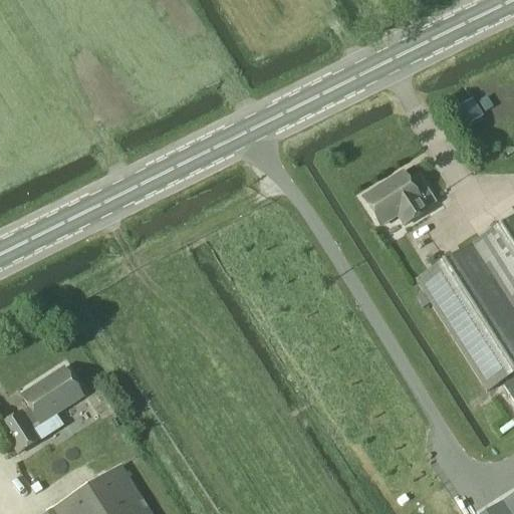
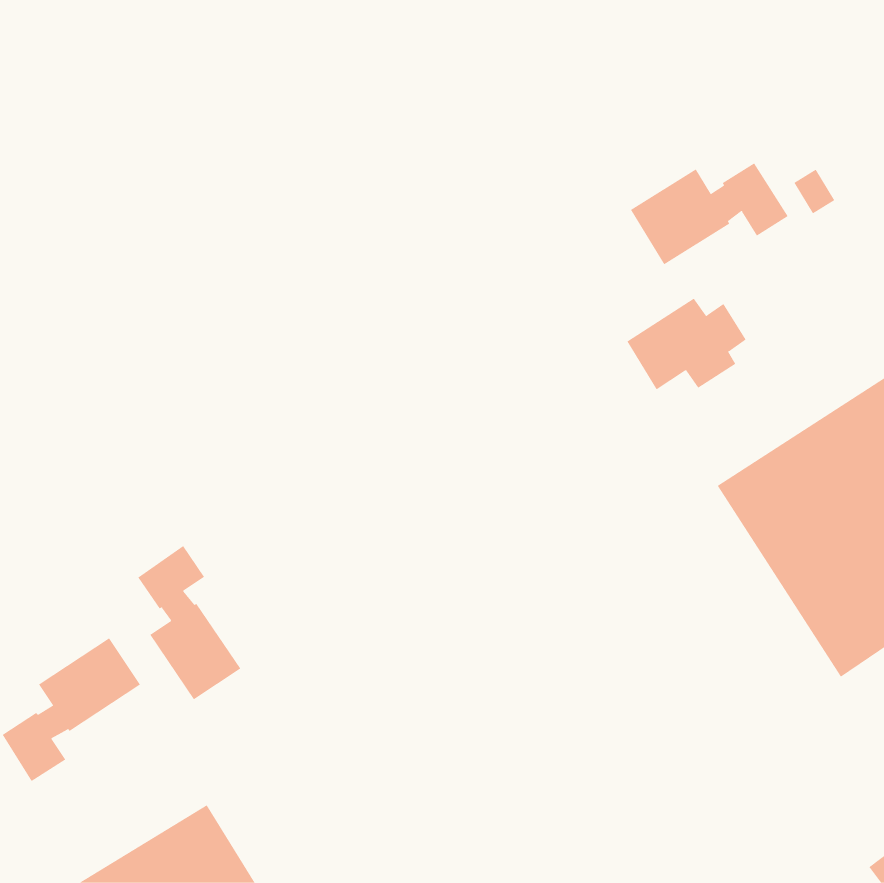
building: none -> [630,162,789,265]
building: none -> [138,545,241,700]

